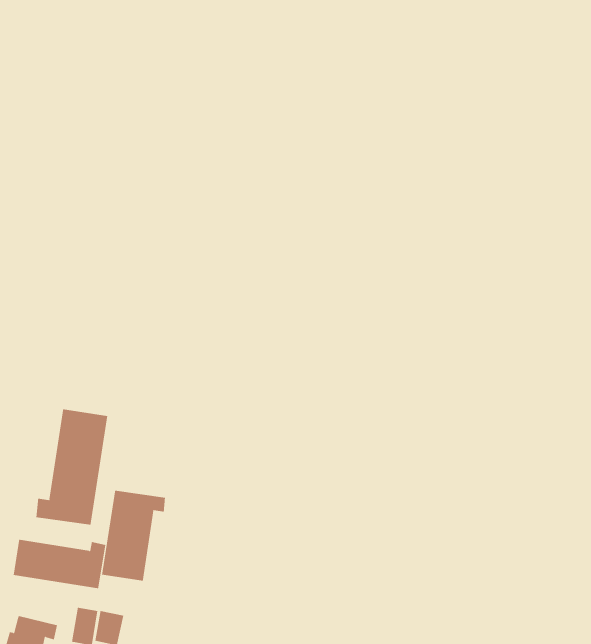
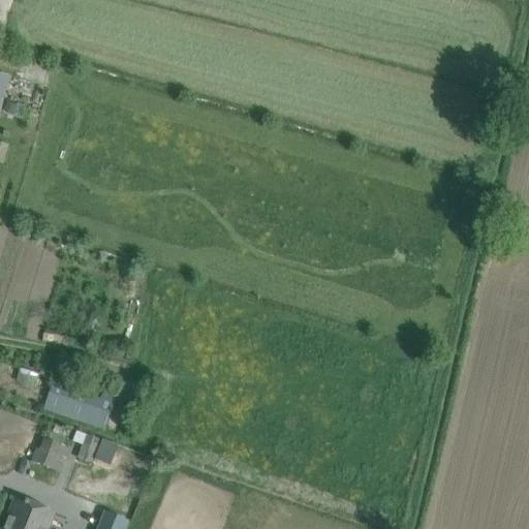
building: [36,408,108,526] -> none
building: [102,490,165,582] -> none

